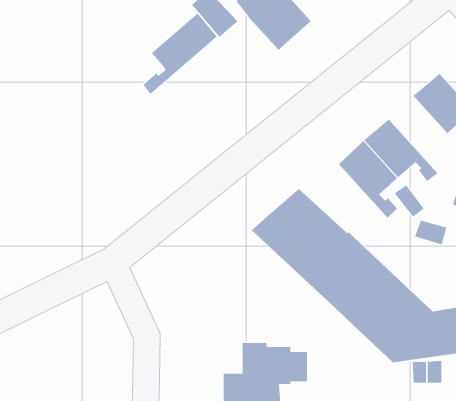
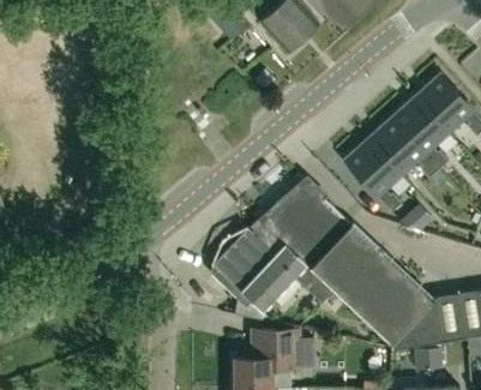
building: [143,12,217,95] -> none
building: none -> [391,95,447,168]
building: none -> [211,222,333,312]

